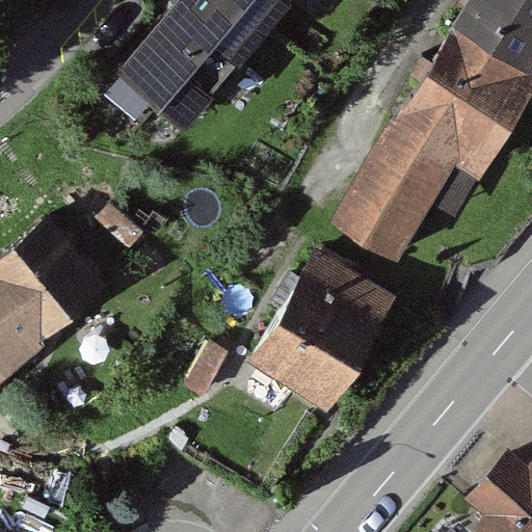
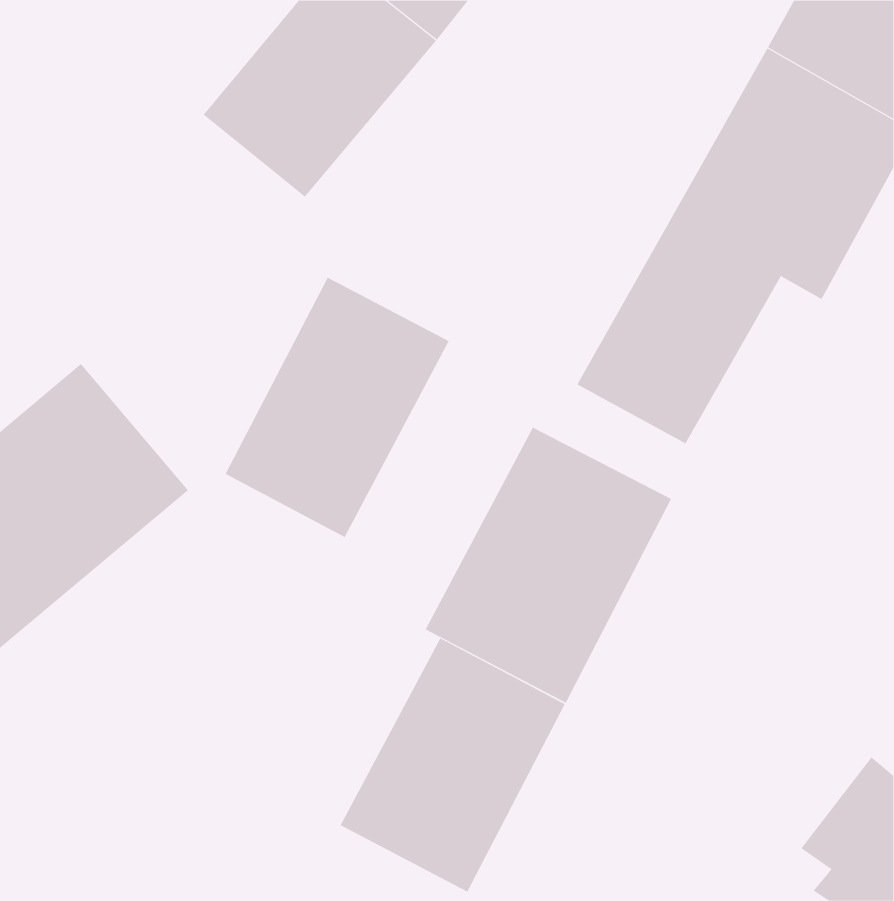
building: none -> [225,277,450,538]
building: none -> [340,637,565,892]

